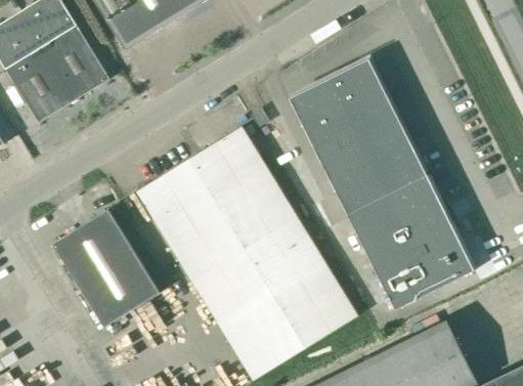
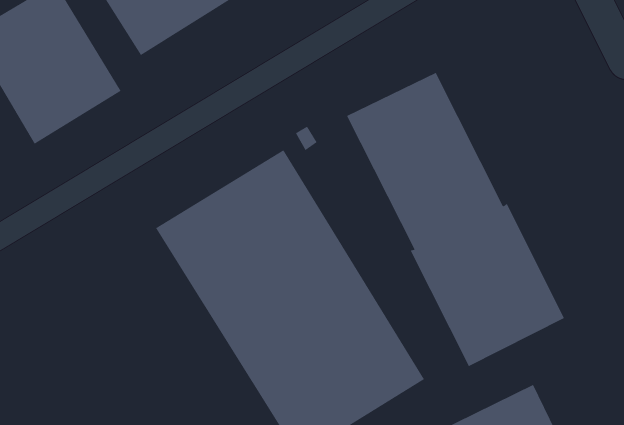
building: [53,210,161,328] -> none

